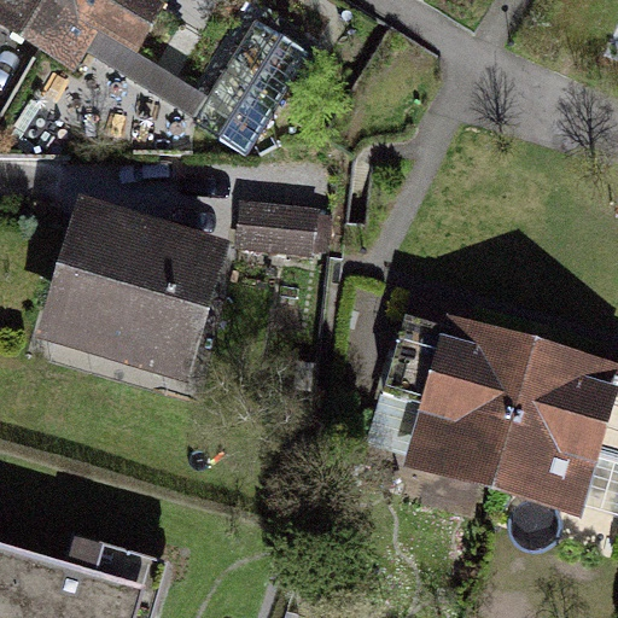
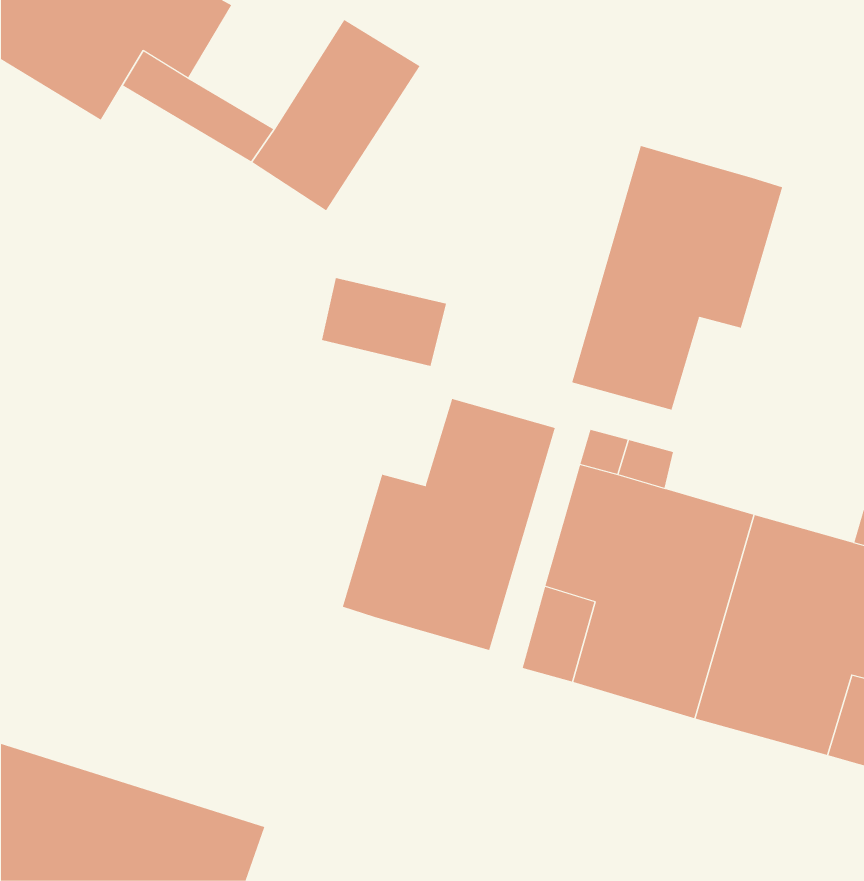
building: none -> [571,145,783,411]
building: [31,205,232,393] -> none
building: none -> [342,398,556,651]

